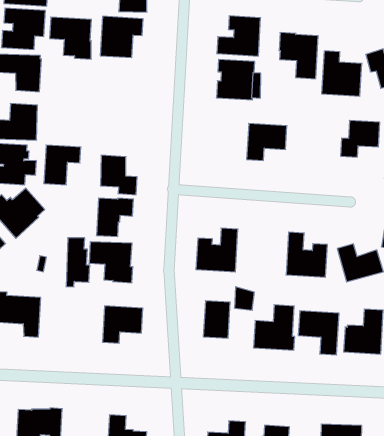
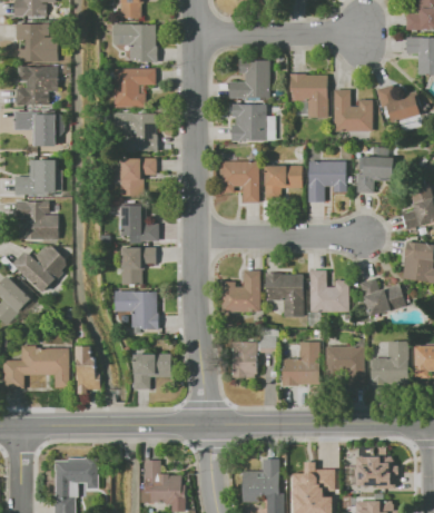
building: [50,17,91,59] -> [115,112,157,151]
building: none -> [220,160,258,203]
building: none -> [308,160,345,200]
building: [44,145,81,185] -> [120,158,155,196]
building: none -> [265,273,303,316]
building: [66,238,90,287] -> [76,345,99,394]

